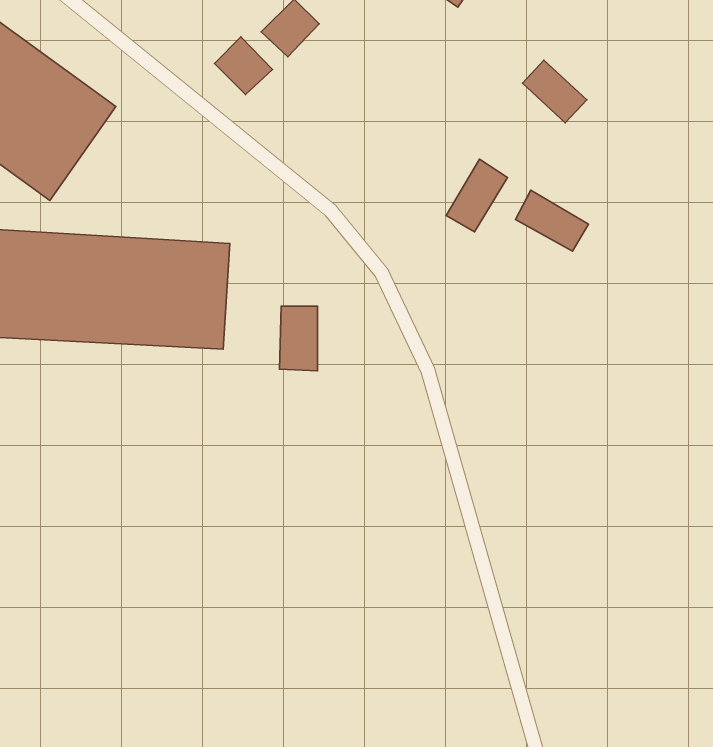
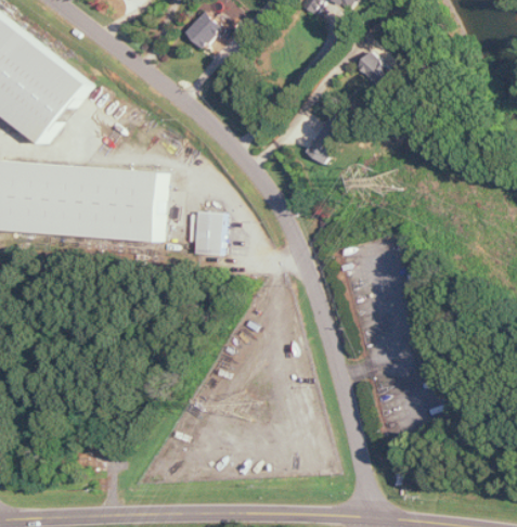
building: [214,37,272,95] -> none
building: [516,190,588,251] -> none

